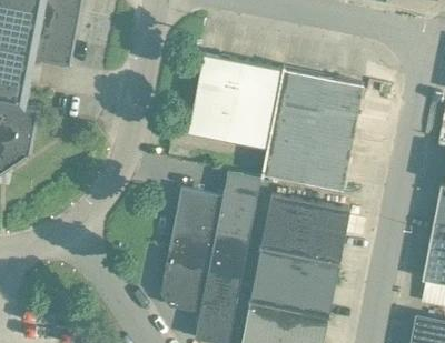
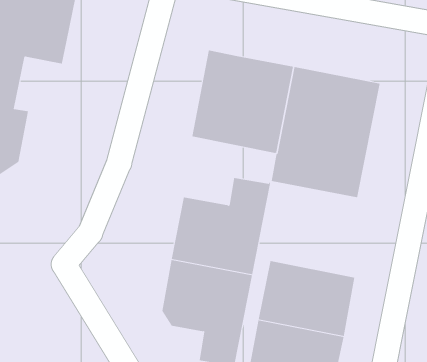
building: [260,193,350,262] -> none

